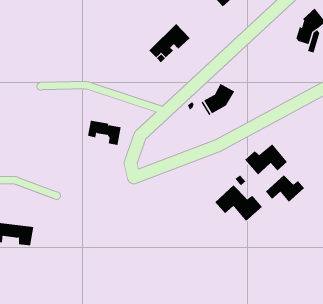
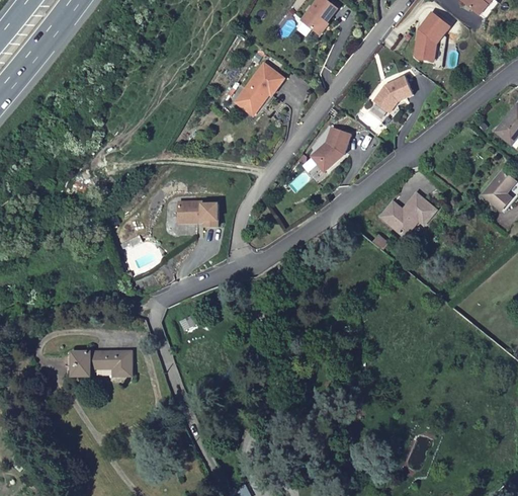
building: none -> [373,76,413,113]
building: [265,175,305,203] -> none
building: [215,185,263,222] -> none

